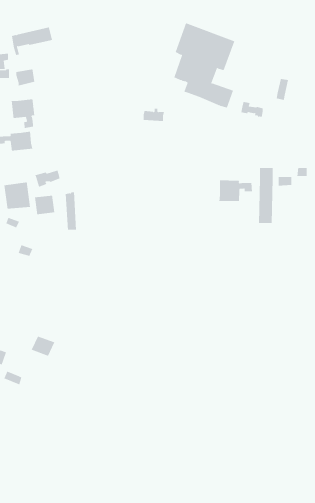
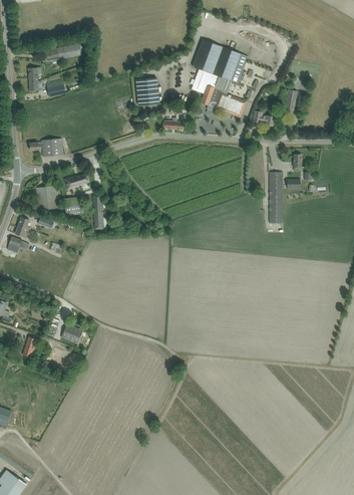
building: none -> [136,78,159,105]
building: [11,98,35,129] -> none
building: [219,180,253,202] -> none

